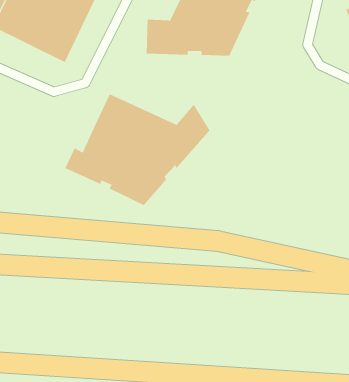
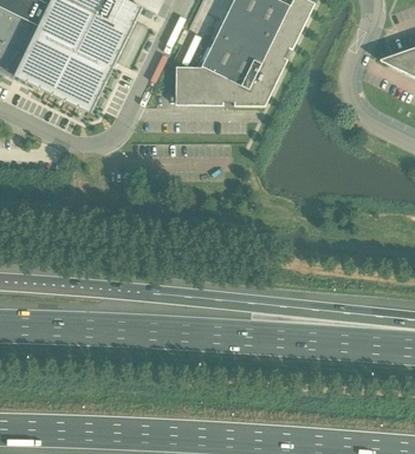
building: [65,94,210,206] -> none

